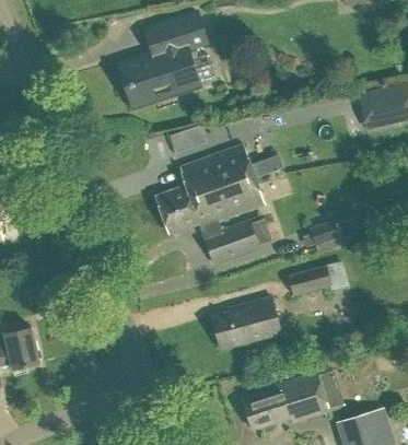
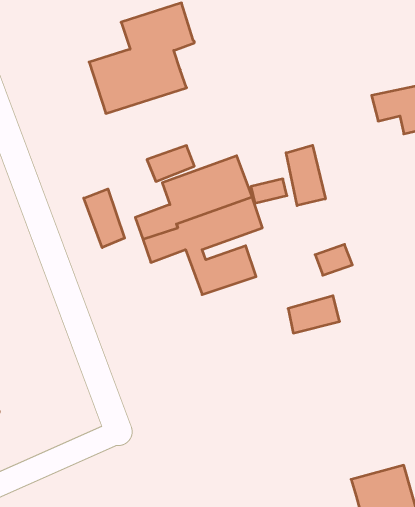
building: none -> [286,145,325,206]
building: none -> [84,189,125,248]
building: [211,296,280,349] -> none
building: [243,367,345,431] -> none

